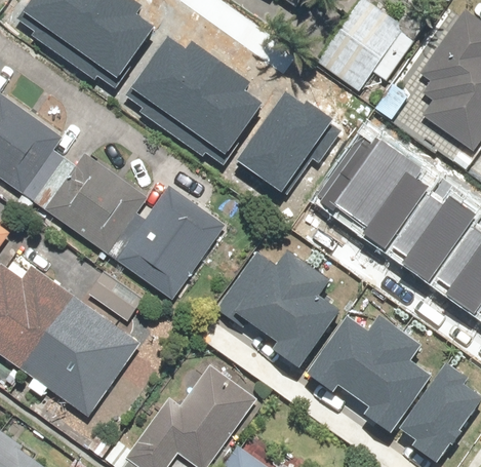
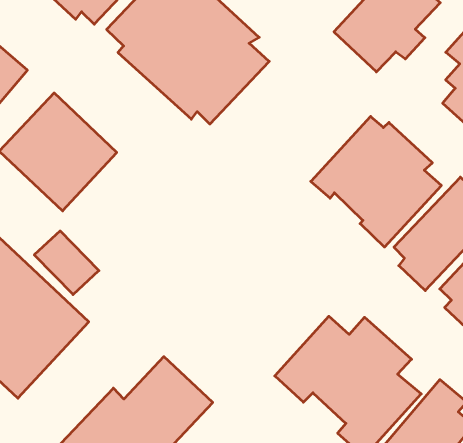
building: [240,93,342,192] -> none
building: [116,187,225,301] -> none
building: [219,242,347,362] -> none

